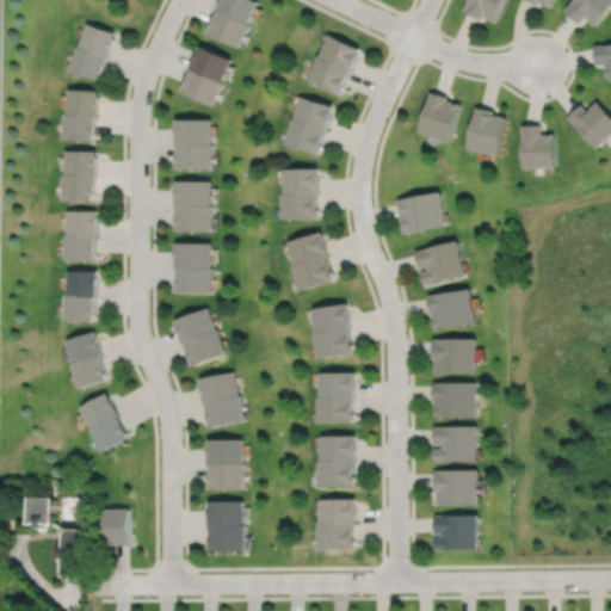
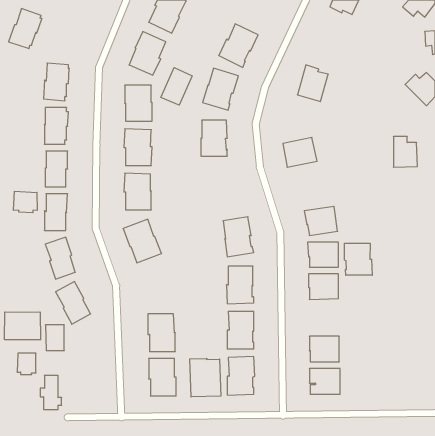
building: [67,23,113,79] -> [9,9,42,49]
building: none -> [161,68,192,105]
building: [464,106,505,156] -> none
building: [520,125,554,168] -> [393,137,417,167]
building: [286,232,335,291] -> none
building: [413,241,462,284] -> none
building: none -> [14,191,37,213]
building: none -> [344,243,372,275]
building: [197,372,245,428] -> none
building: [431,427,474,463] -> none
building: none -> [5,312,41,340]
building: none -> [190,358,221,397]
building: [101,506,128,542] -> [45,325,64,351]

